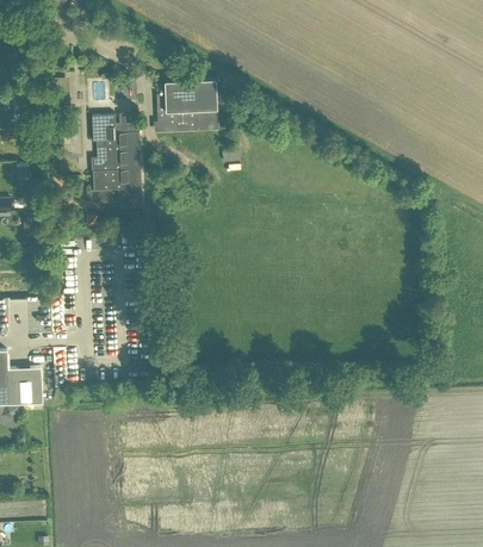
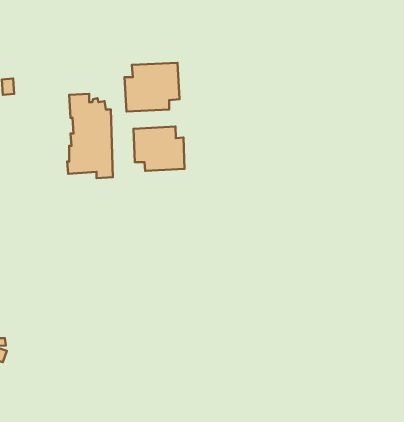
building: none -> [134,127,185,171]

